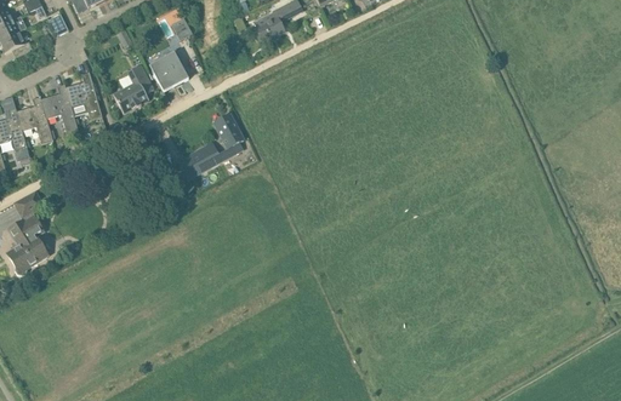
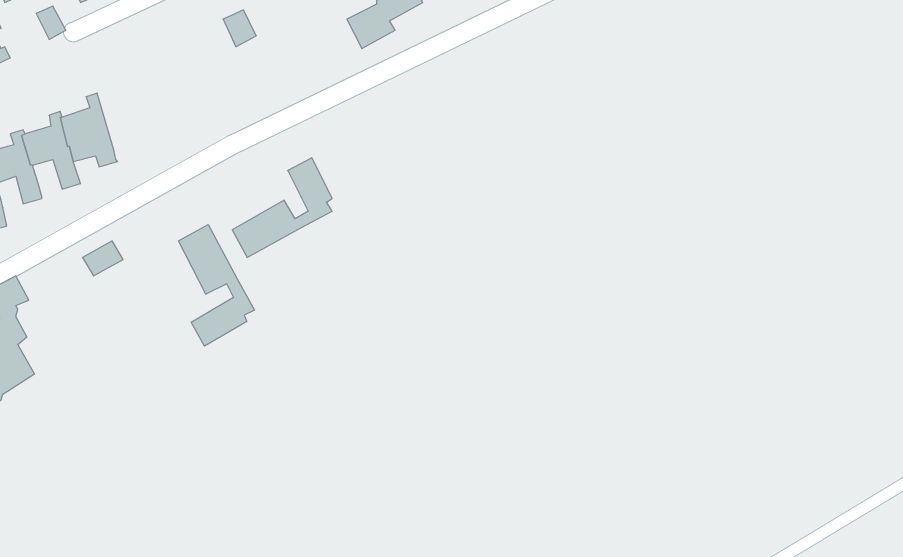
building: [152,47,188,90] -> none
building: [113,63,153,113] -> none
building: none -> [178,225,255,346]

